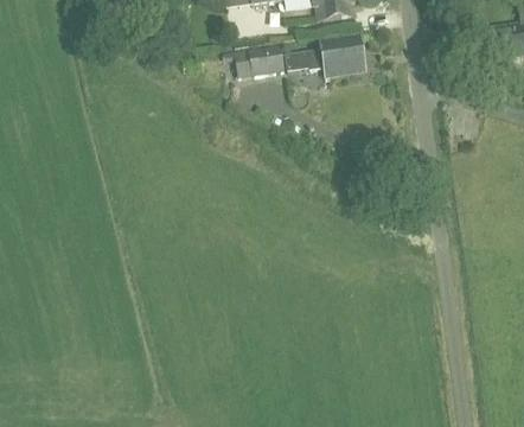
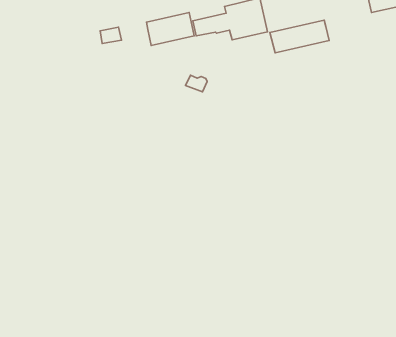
building: none -> [270,20,329,53]

